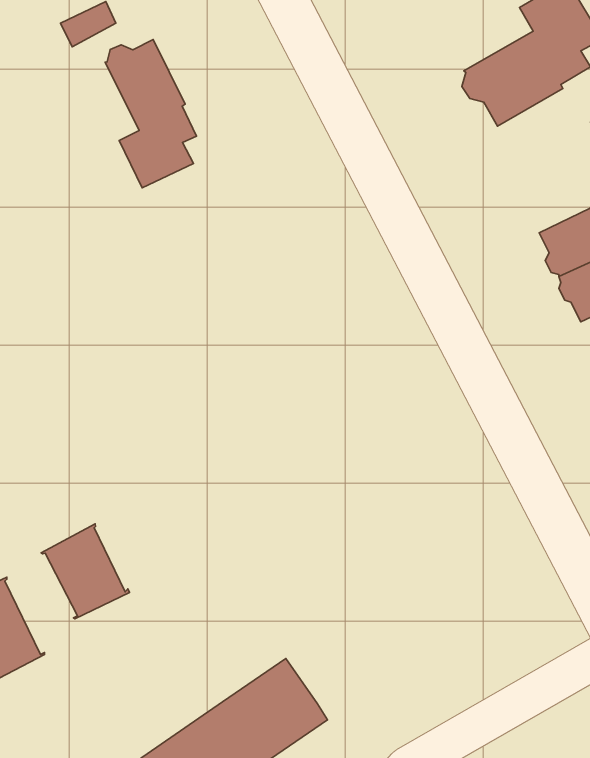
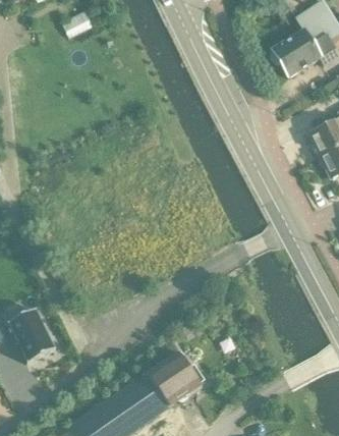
building: [105,40,196,188] -> none
building: [41,524,129,619] -> none

